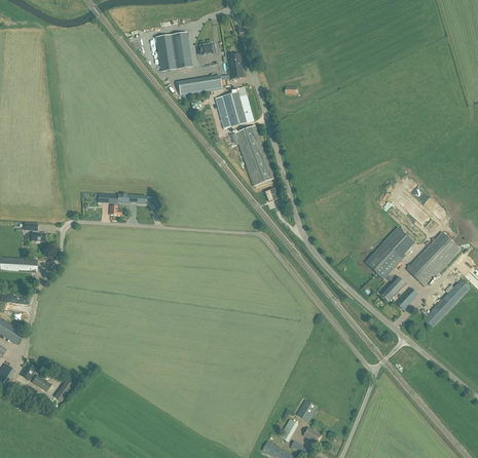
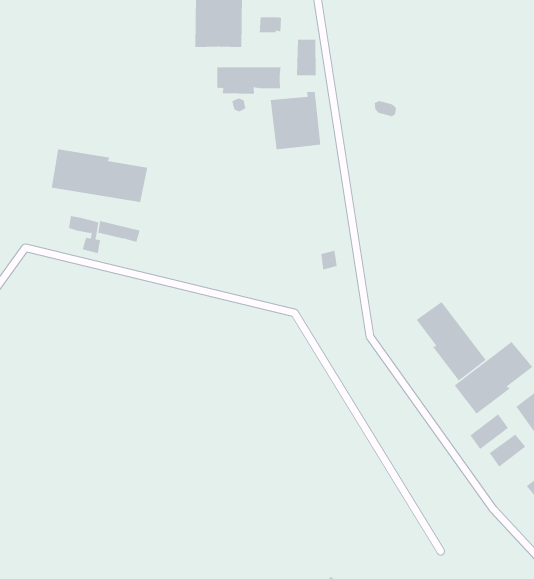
building: [233,125,273,186] -> none
building: none -> [51,149,148,203]
building: none -> [416,301,487,381]

